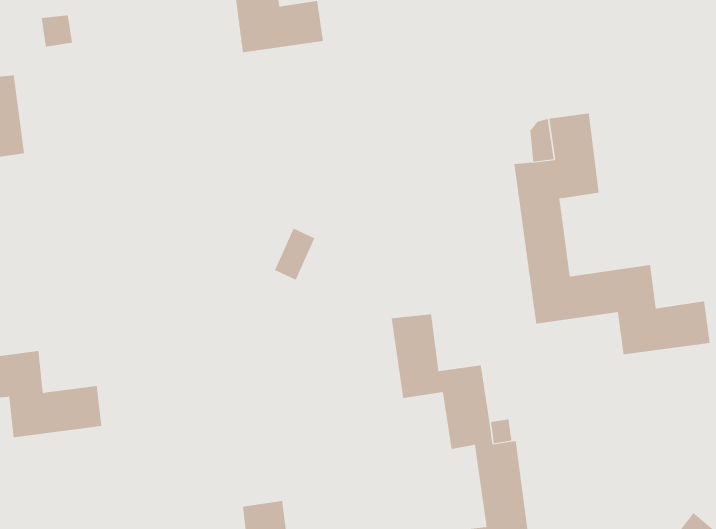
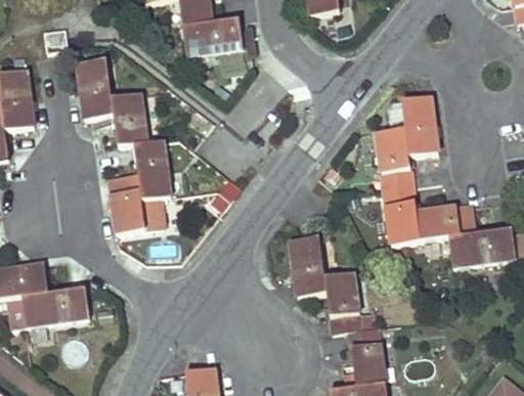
building: none -> [77,58,170,233]

